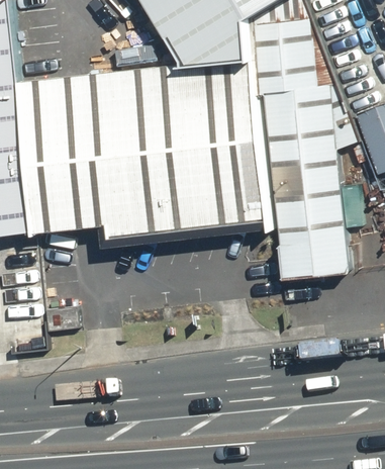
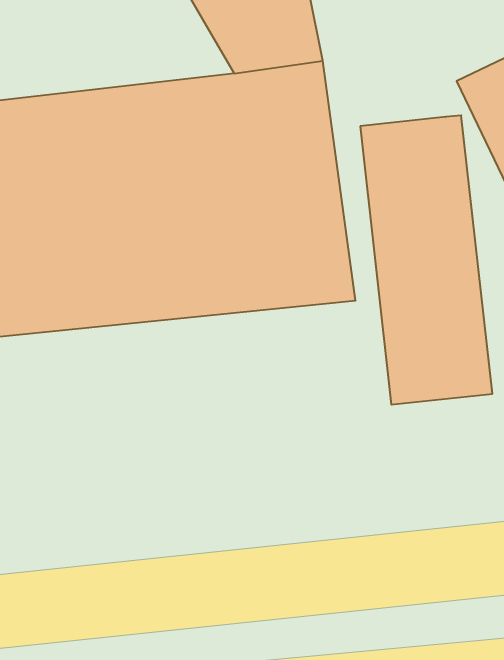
building: [256,22,319,98] -> none

